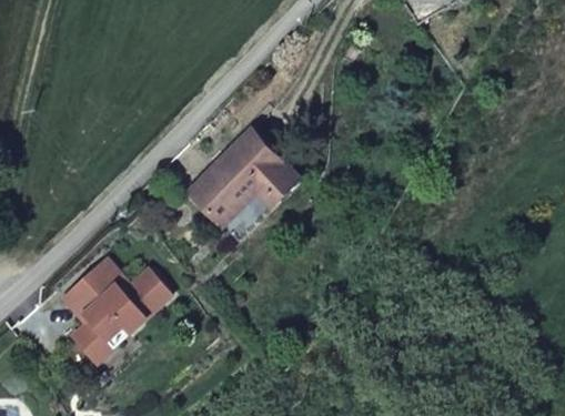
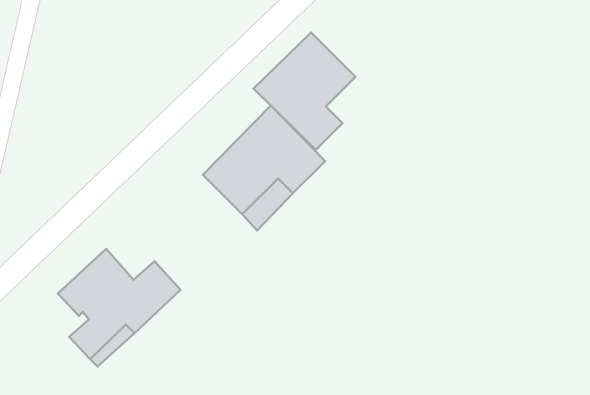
building: none -> [254,32,356,150]

